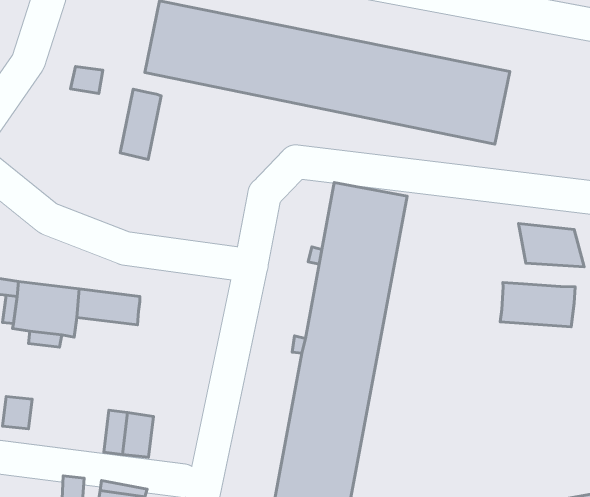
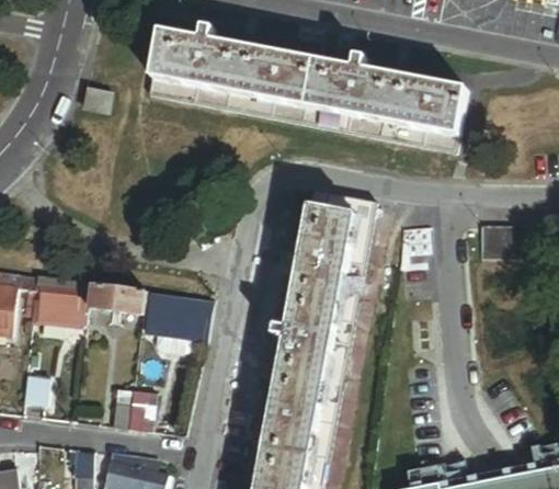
building: [120,89,161,159] -> none
building: [500,283,575,327] -> none
building: none -> [141,293,210,351]

